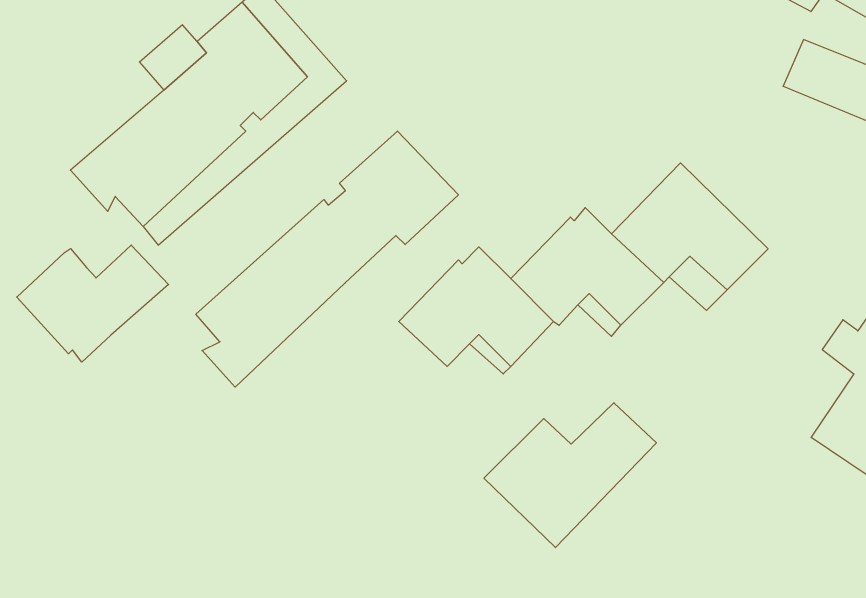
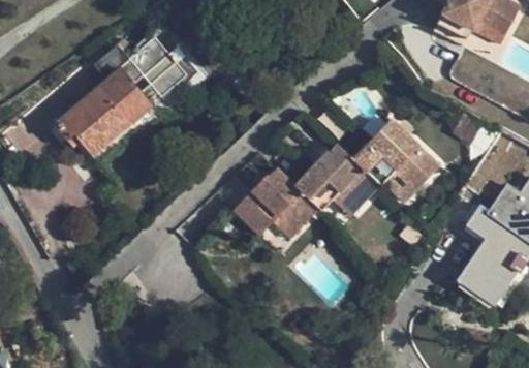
building: [196,131,458,387] -> none
building: [17,245,169,362] -> none
building: [484,403,656,548] -> none

